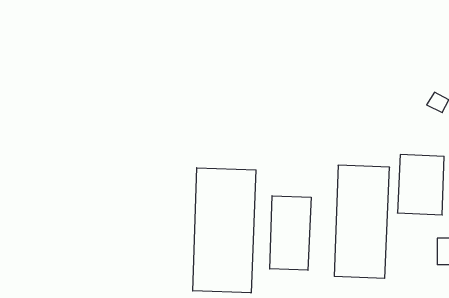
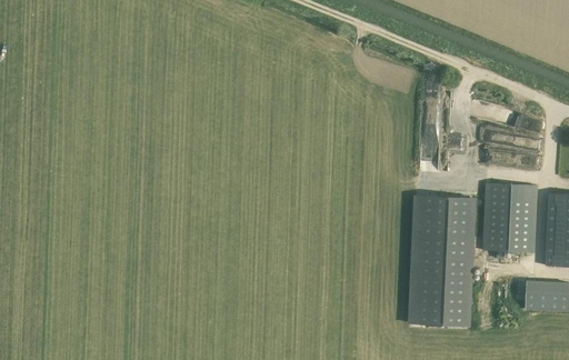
building: [193,168,256,293] -> none
building: [270,196,311,270] -> none

